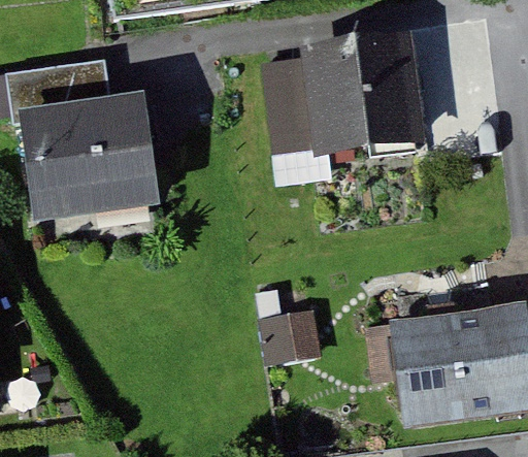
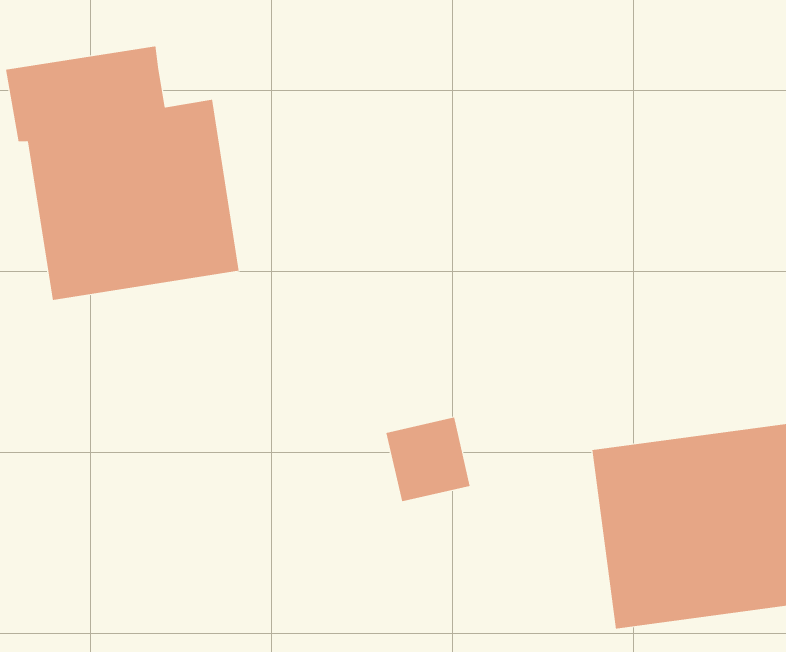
building: [262,31,425,153] -> none

